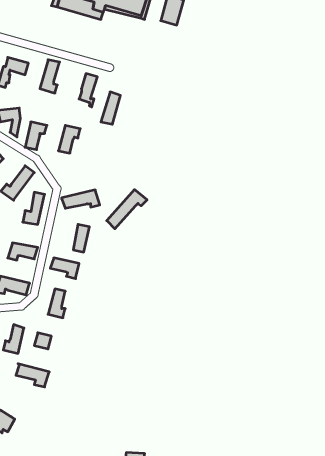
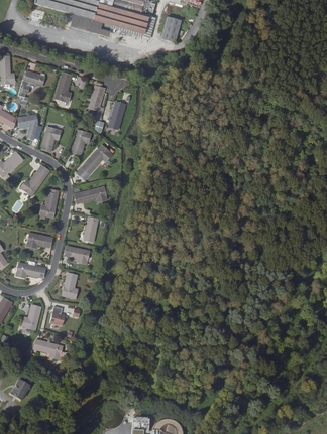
building: [107,190,147,229] -> [77,145,112,179]

